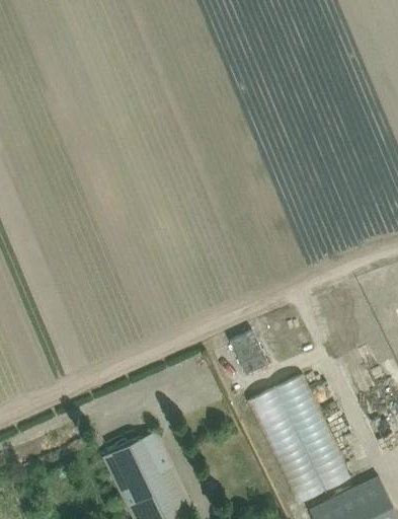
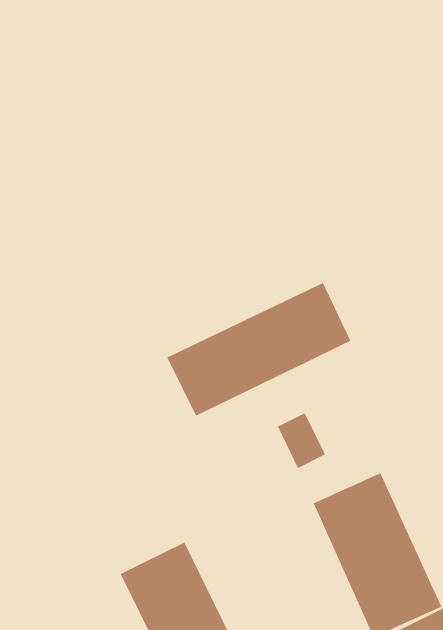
building: none -> [167,282,351,417]

